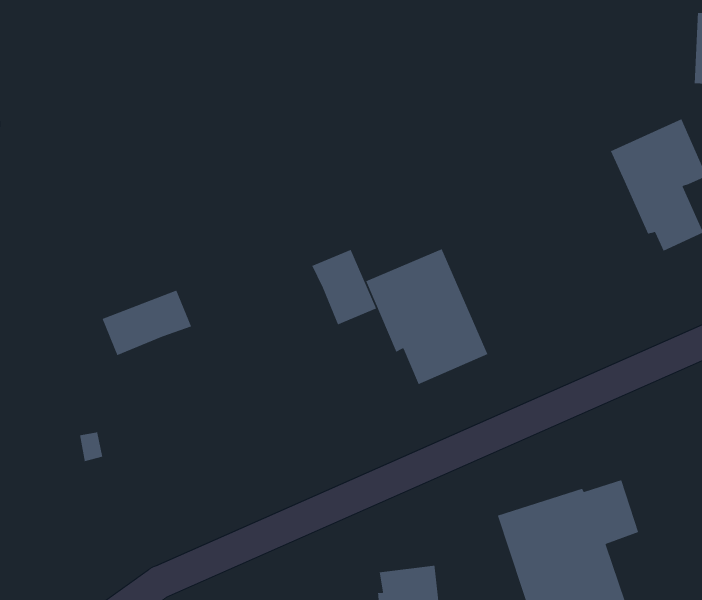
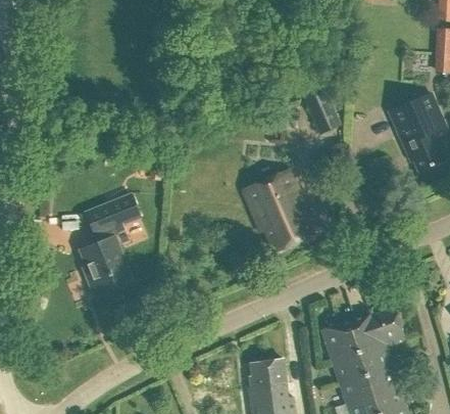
building: none -> [303,86,341,134]
building: [311,249,377,326] -> none
building: none -> [79,223,133,297]

